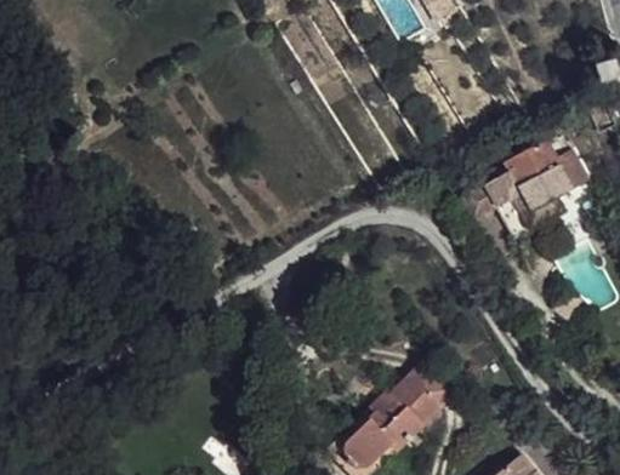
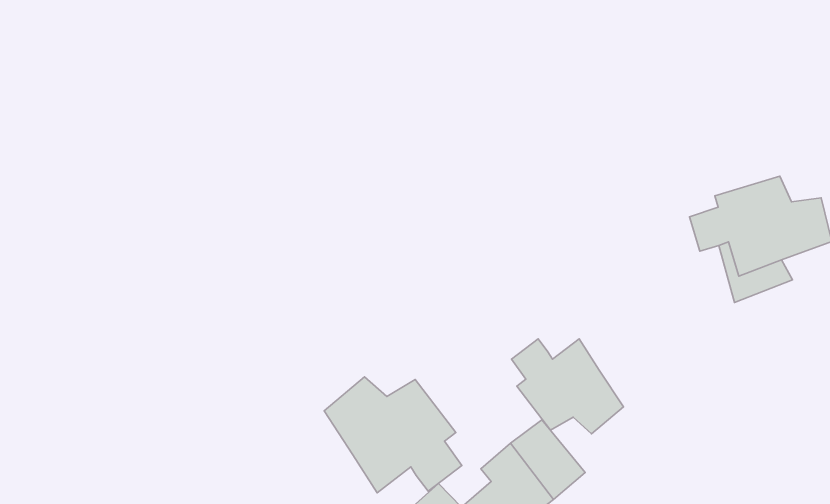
building: none -> [511,339,623,434]
building: none -> [324,377,462,493]

